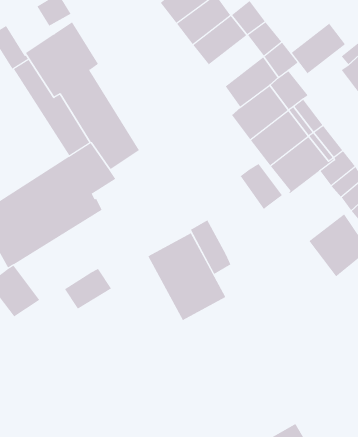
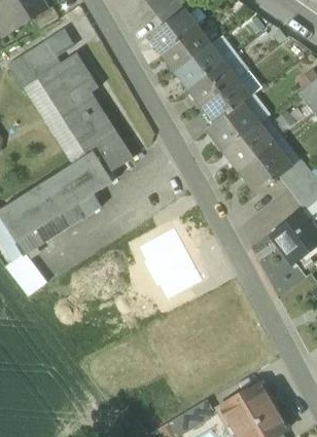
building: none -> [22,39,61,79]
building: [291,23,346,74] -> [188,63,234,105]
building: [240,163,283,210] -> none
building: [190,219,231,275] -> none
building: [64,268,112,309] -> none

